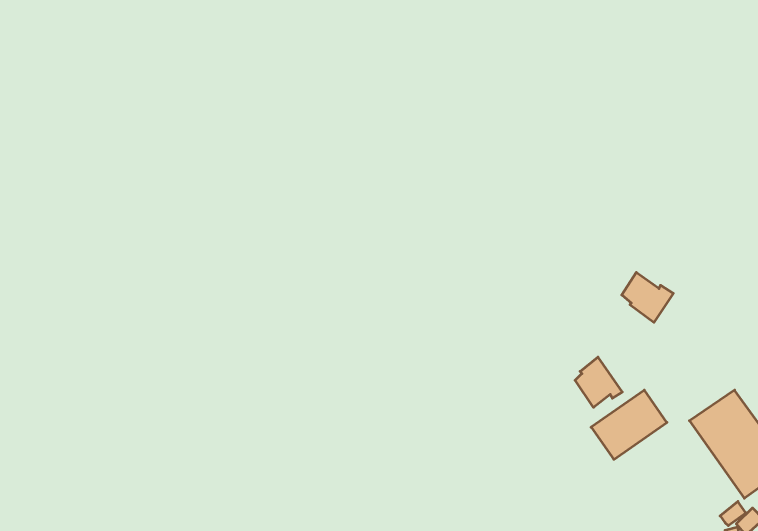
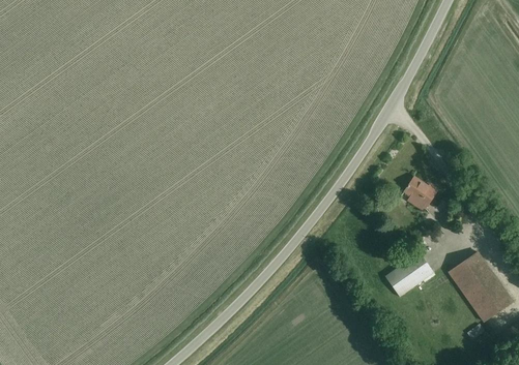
building: [575,357,622,407] -> none

